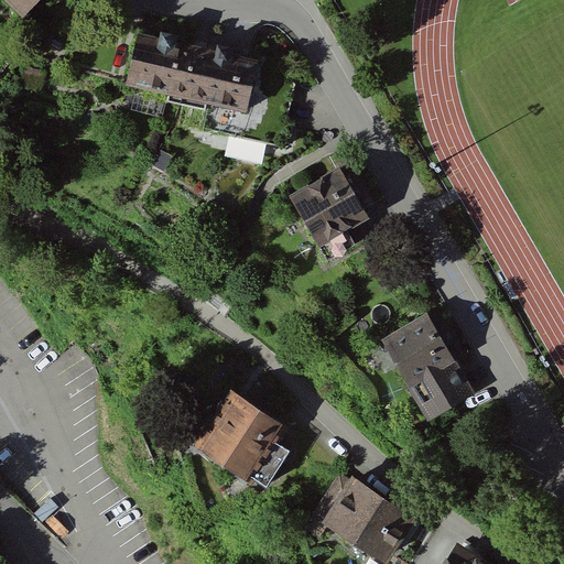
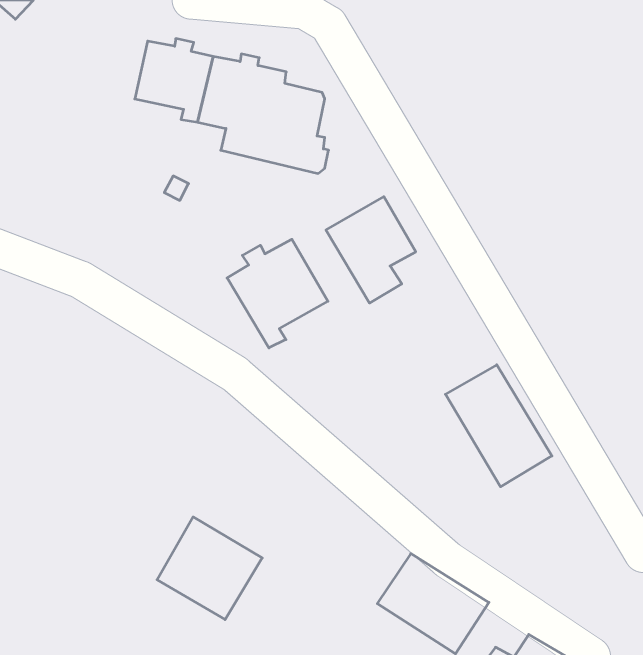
building: none -> [227,239,328,348]
building: [199,390,290,478] -> [157,517,262,620]

